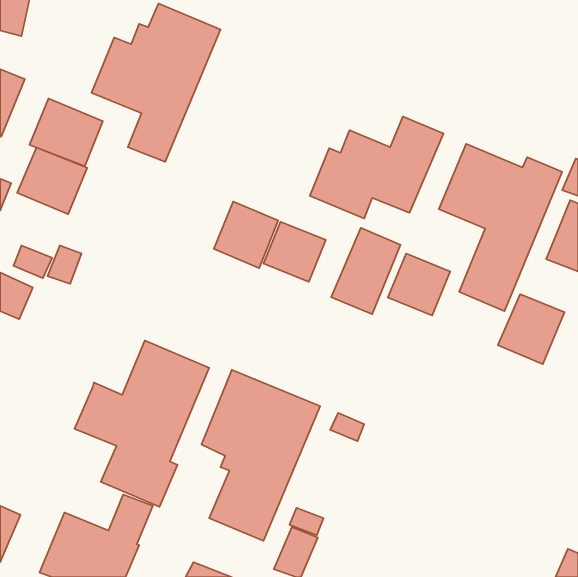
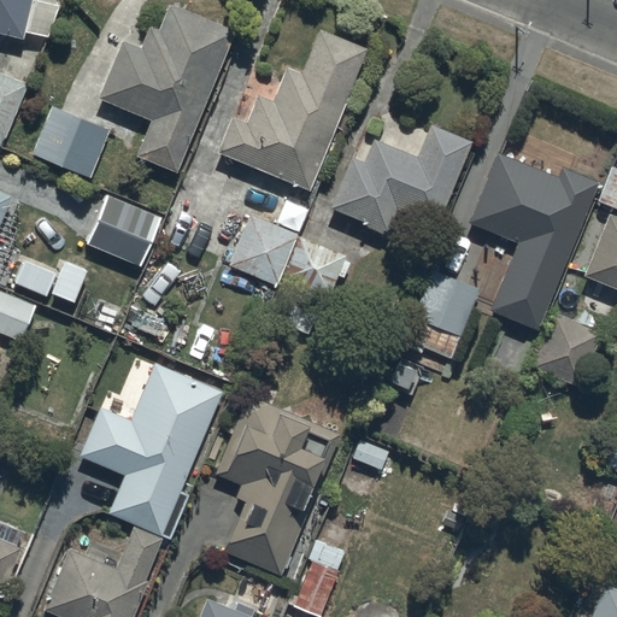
building: none -> [216,29,368,190]
building: [17,148,87,214] -> [86,195,160,266]
building: [331,228,400,314] -> none

